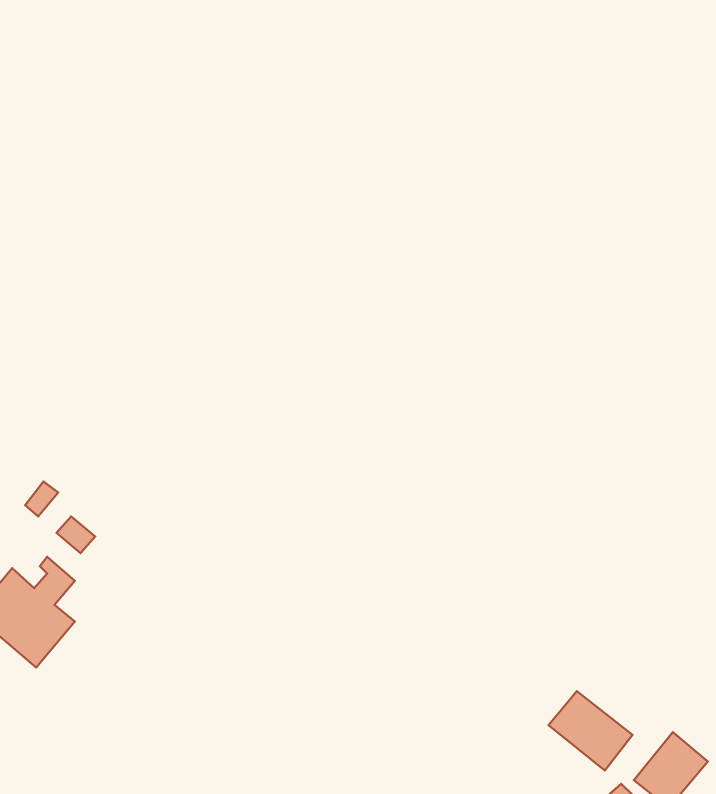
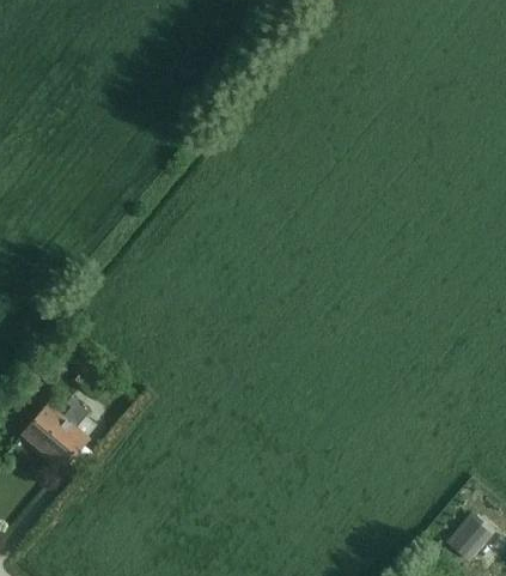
building: [549,691,632,771] -> none

